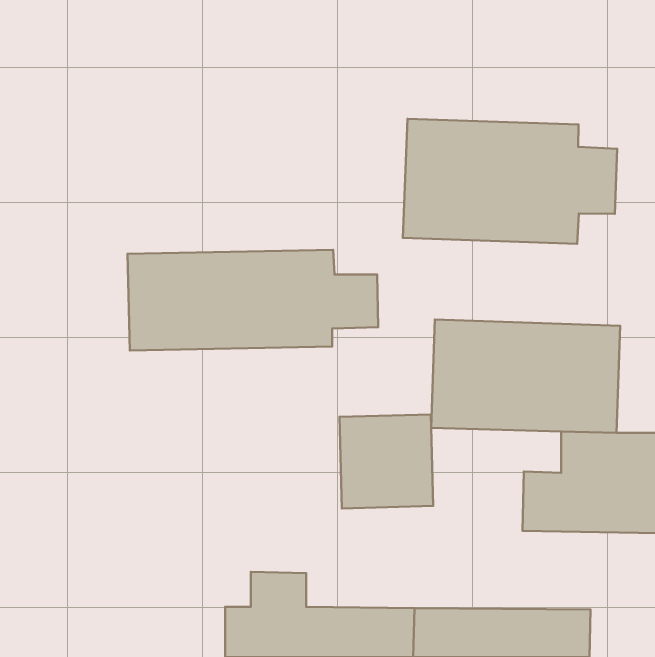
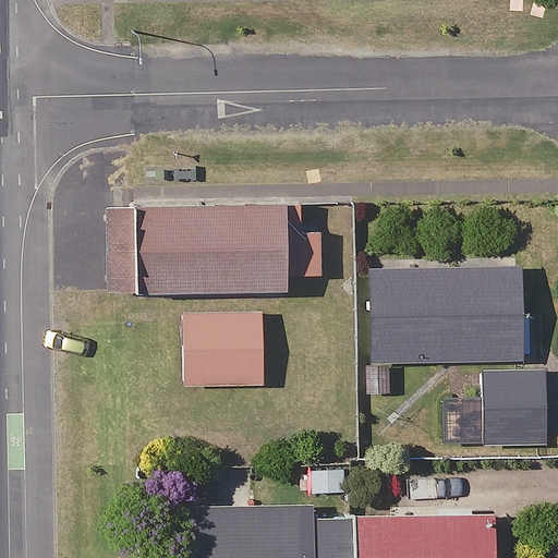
building: [403,119,617,244] -> none
building: [339,414,433,508] -> [186,306,266,386]

